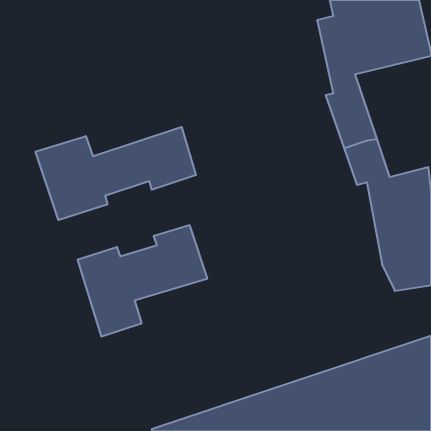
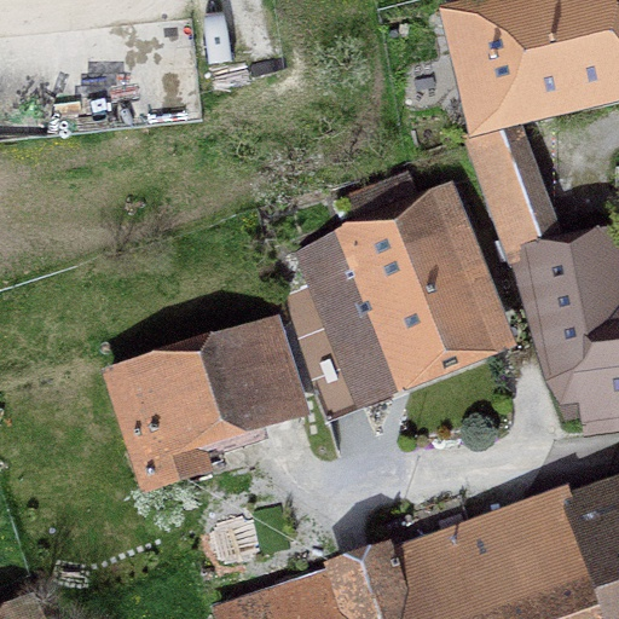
building: none -> [303,175,507,393]
building: [36,127,196,220] -> none

